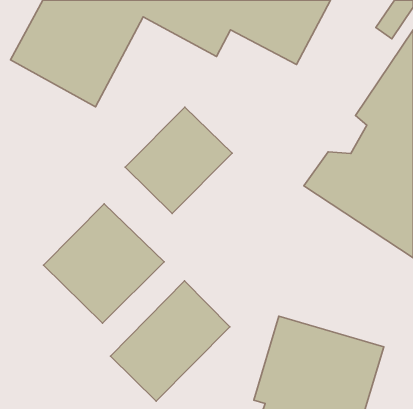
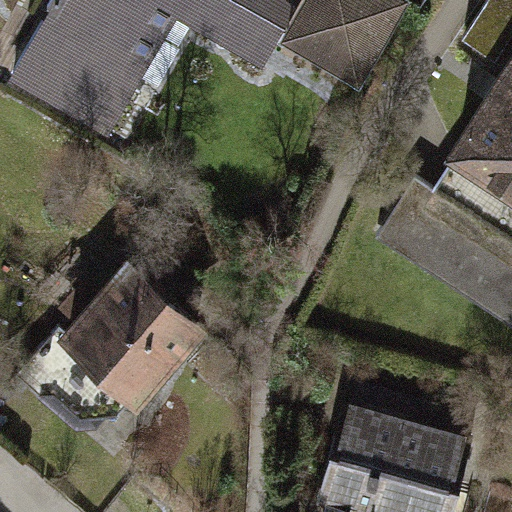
building: [125,107,232,214] -> none
building: [111,281,230,401] -> none

